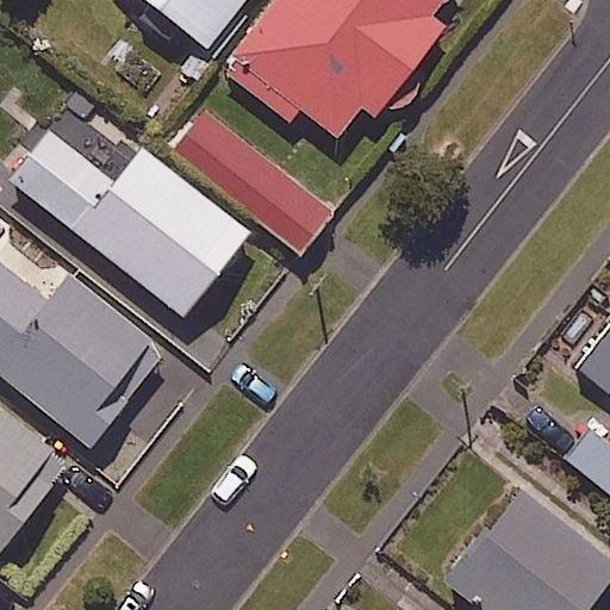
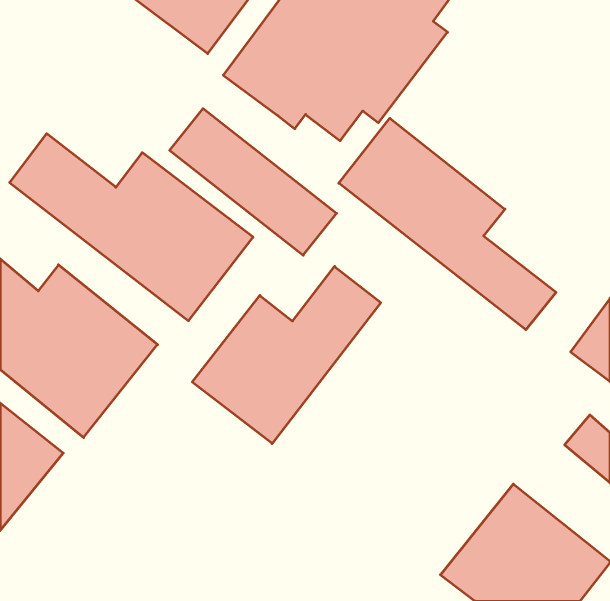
building: none -> [339,118,556,330]
building: none -> [192,266,381,444]

